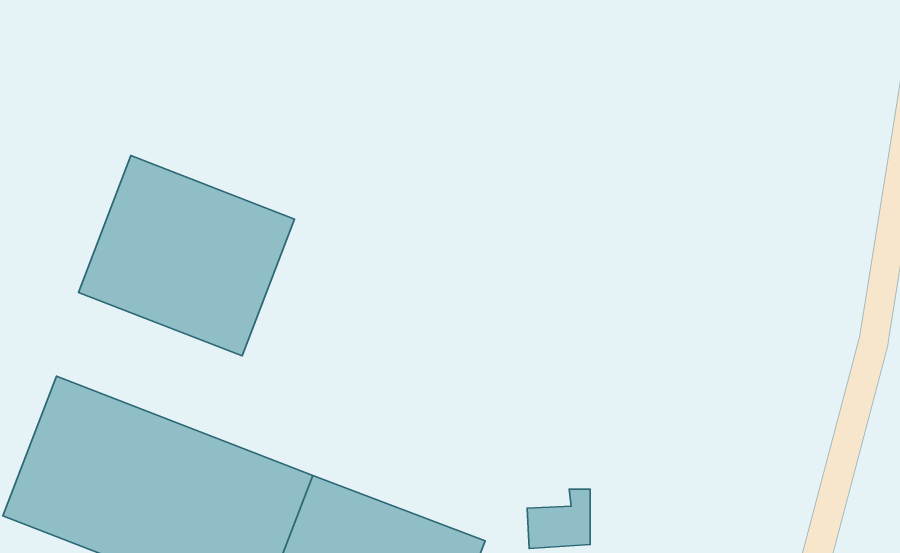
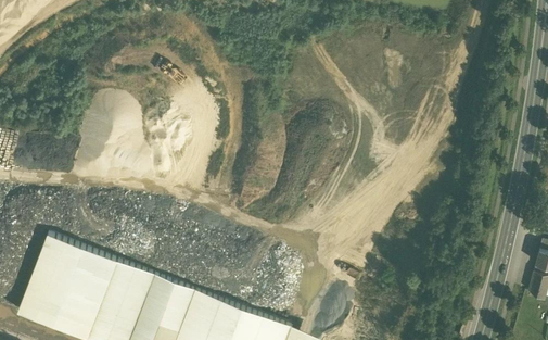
building: [79,156,294,356] -> none

